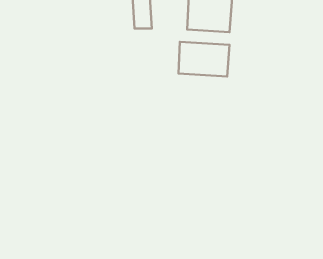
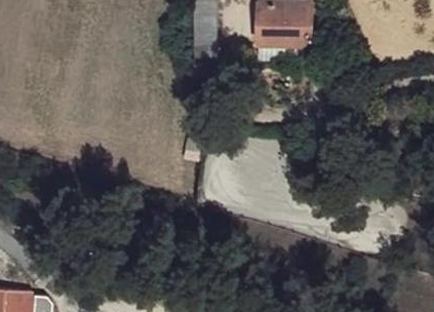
building: [179,42,229,76] -> none

